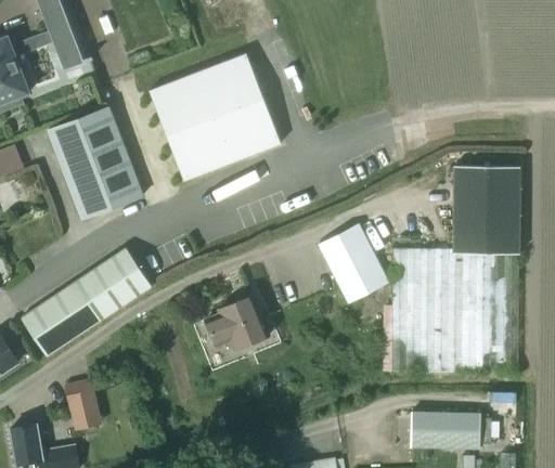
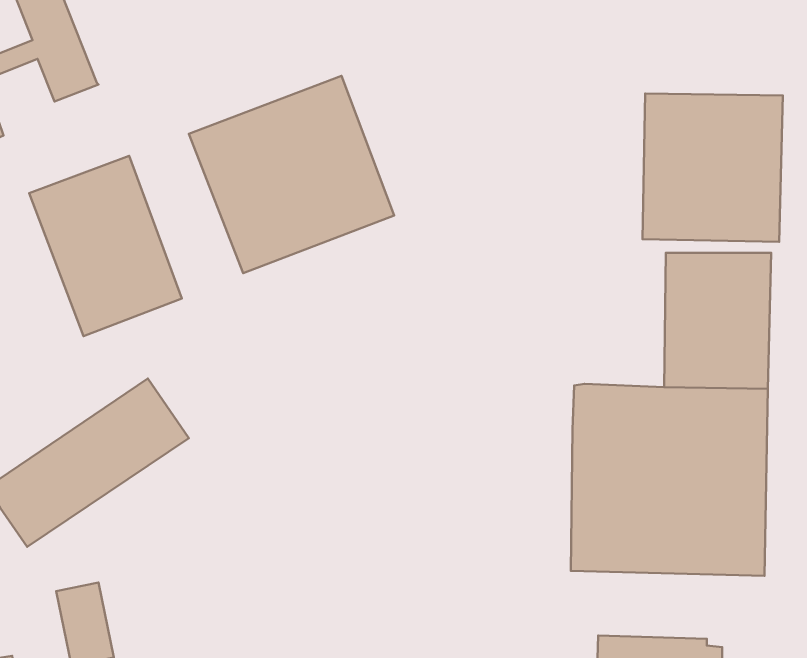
building: none -> [643,93,783,242]
building: [319,224,387,302] -> none
building: [204,295,268,348] -> none

